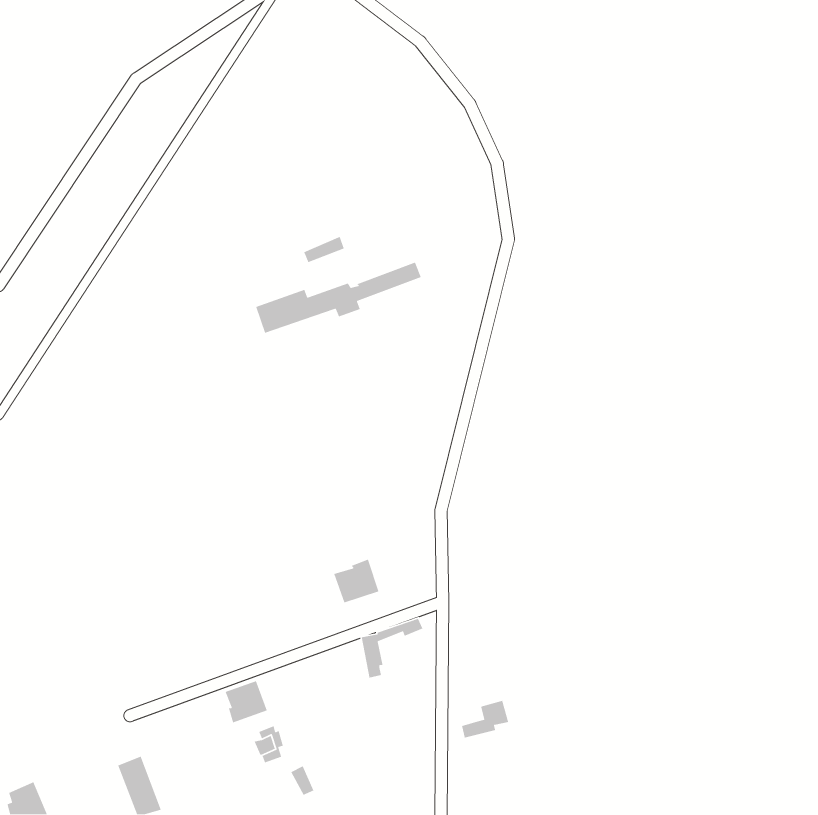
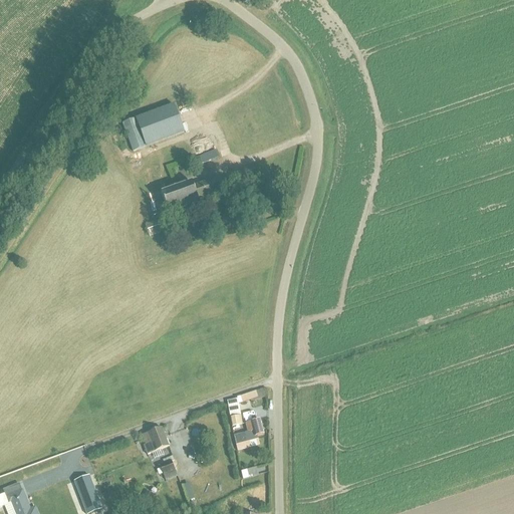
building: none -> [116,103,182,151]
building: [333,558,380,604] -> none
building: [461,700,509,738] -> [233,418,263,442]

